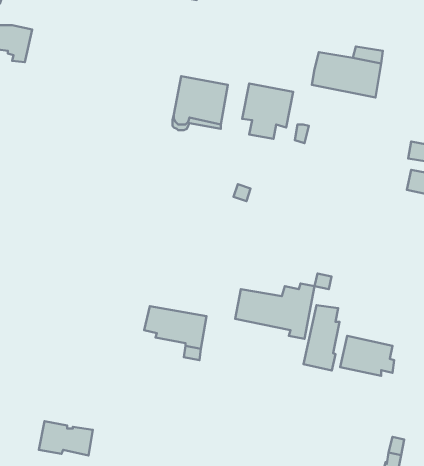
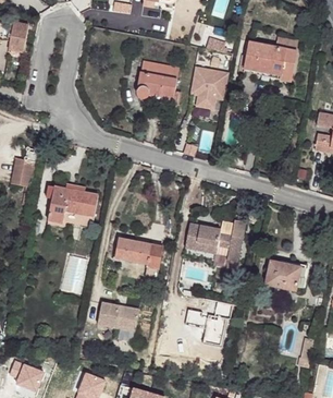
building: none -> [10,158,37,188]
building: none -> [47,186,98,229]
building: [304,305,340,370] -> none
building: [39,421,93,455] -> [97,303,138,329]

